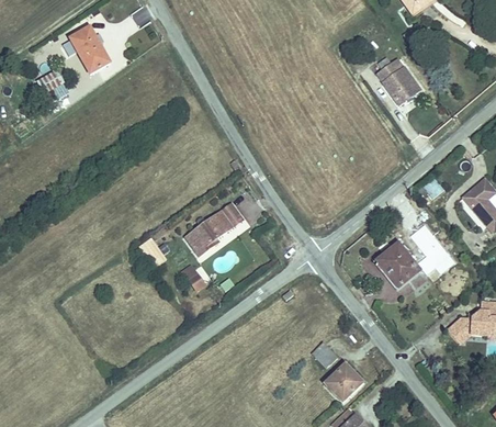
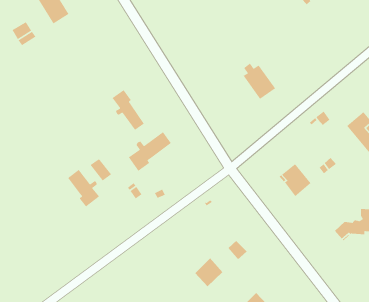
building: [376,57,419,104] -> [242,63,276,100]
building: none -> [112,89,145,131]
building: none -> [67,169,100,208]
building: [325,364,361,402] -> [194,258,223,287]

